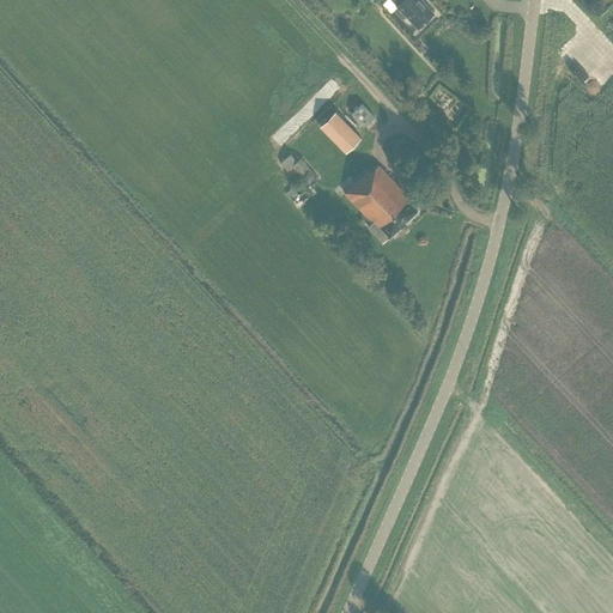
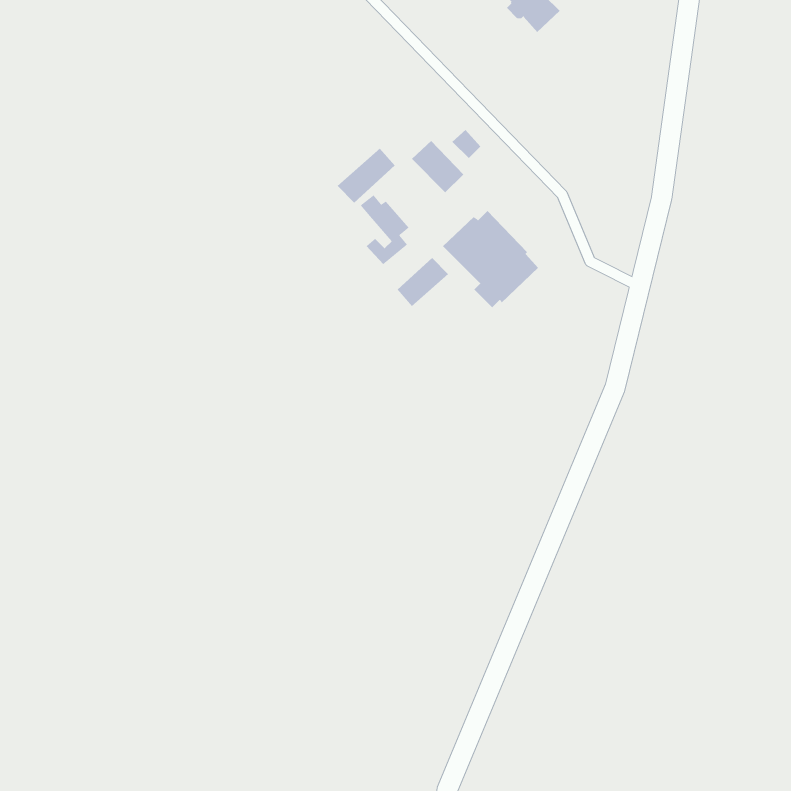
building: none -> [337,148,396,204]
building: none -> [397,257,449,307]

